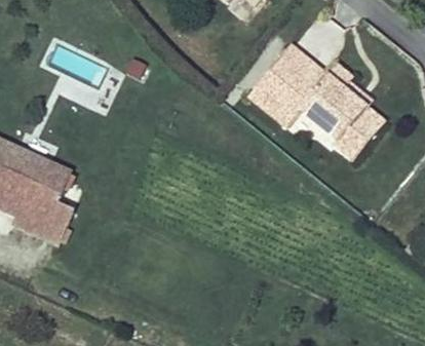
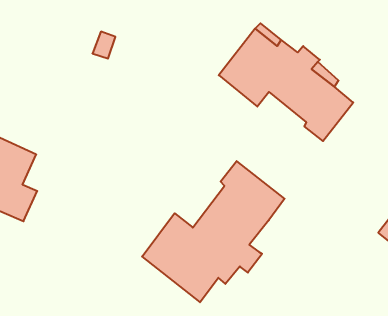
building: none -> [142,161,285,302]

